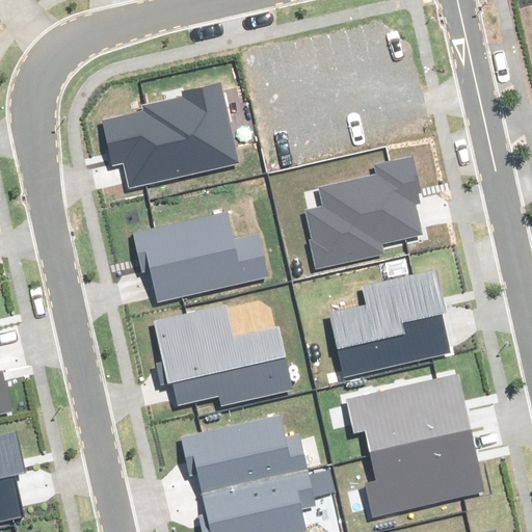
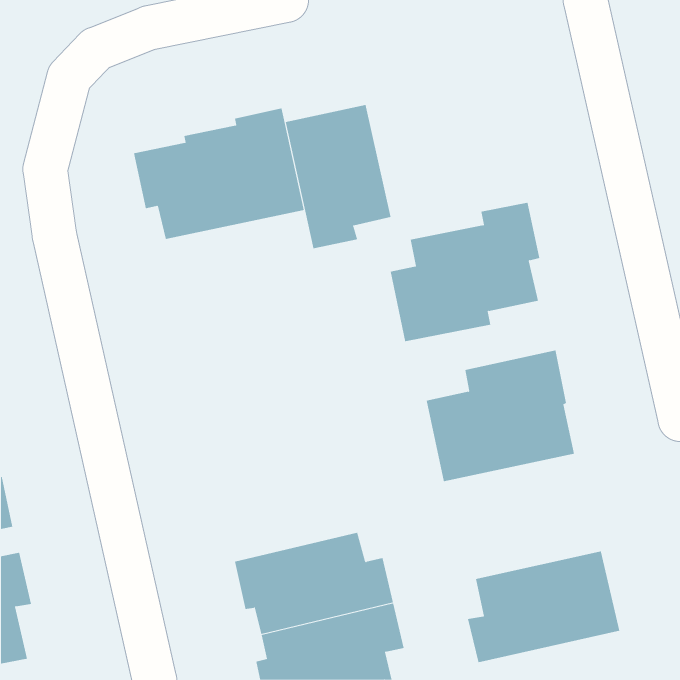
building: none -> [285,104,391,249]
building: [134,213,268,300] -> none
building: [156,305,291,406] -> none
building: [346,375,470,452] -> none

